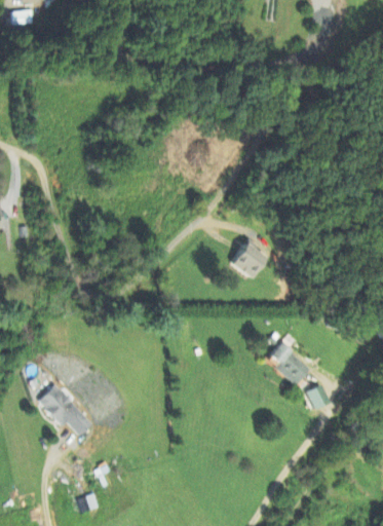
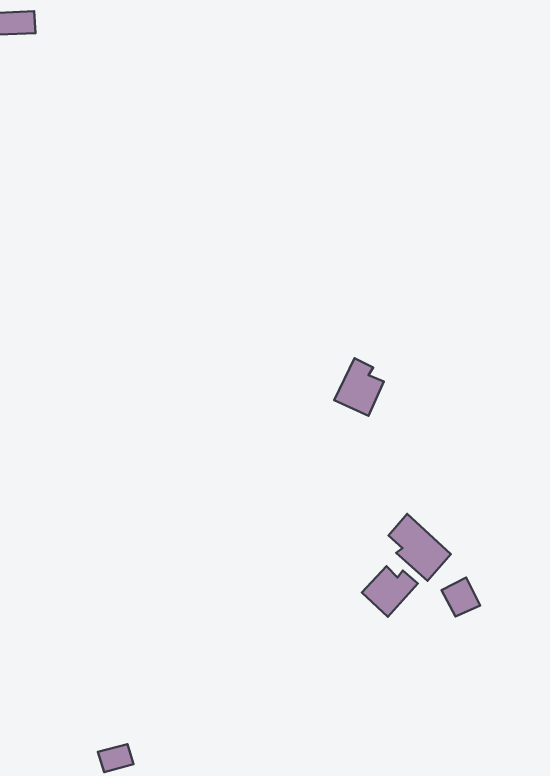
building: none -> [362,566,418,617]
building: [38,383,93,436] -> none

